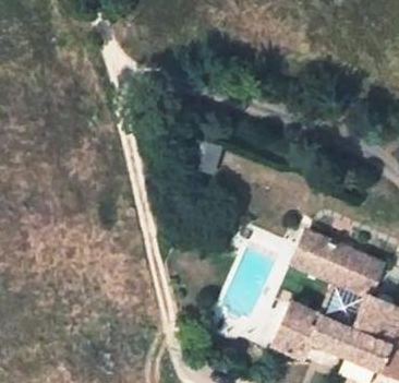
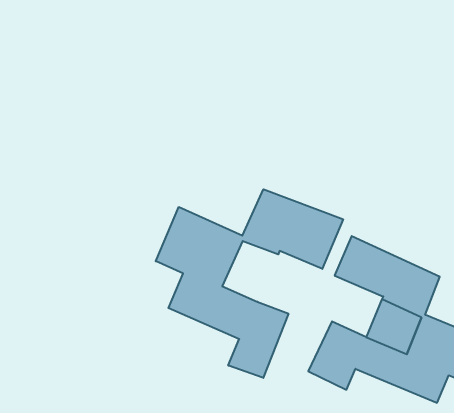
building: none -> [156,189,343,378]

